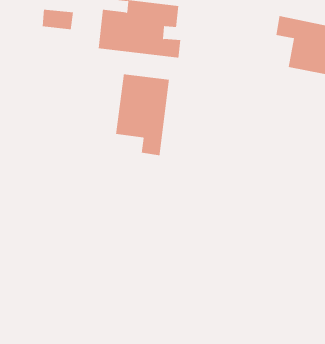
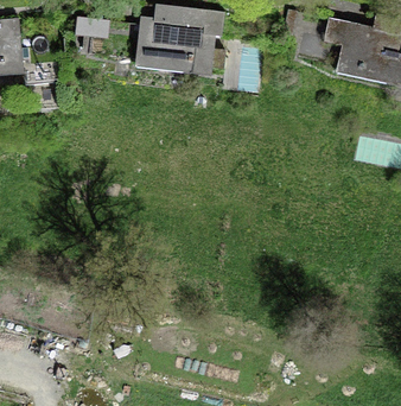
building: [116,74,169,156] -> none

